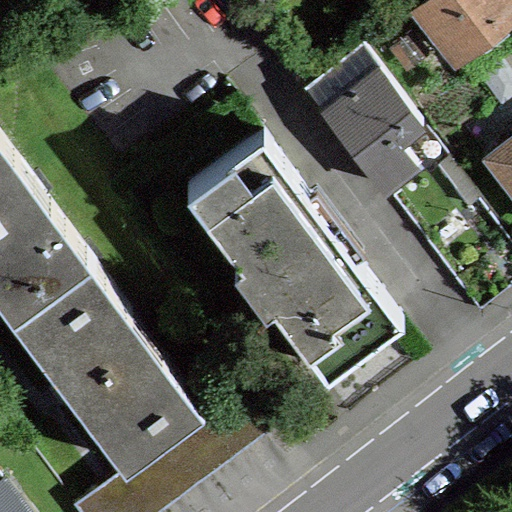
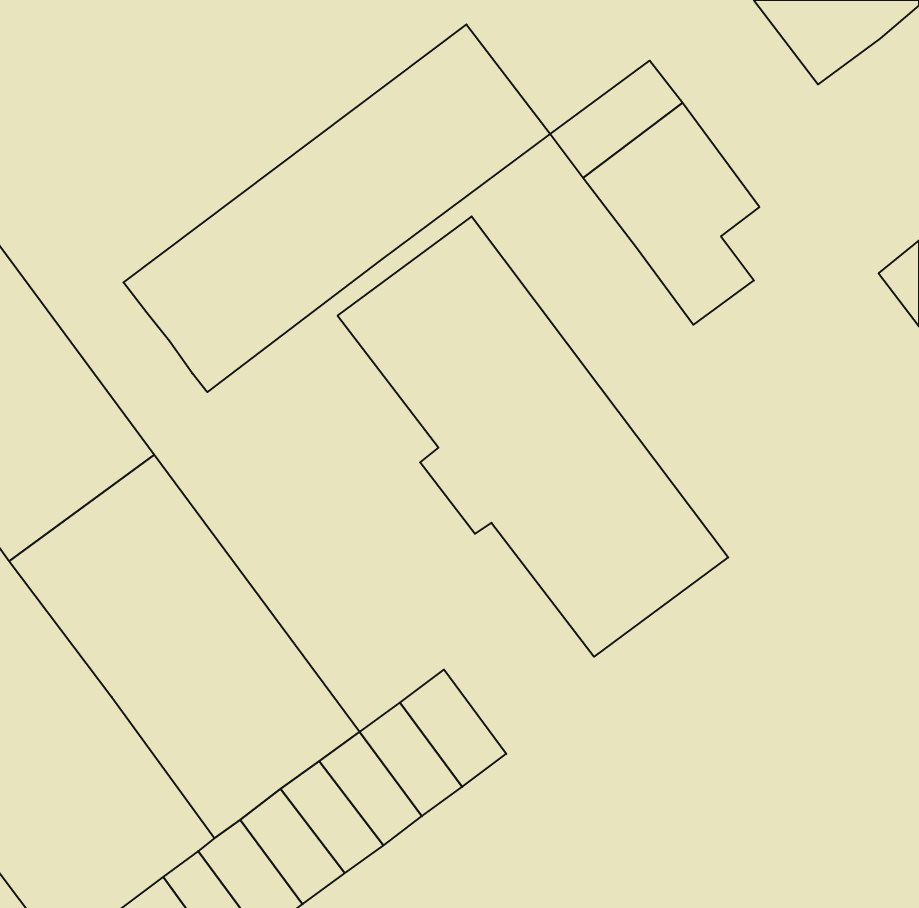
building: none -> [123,24,550,392]

